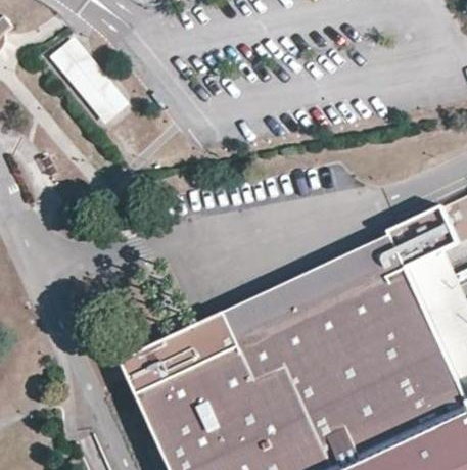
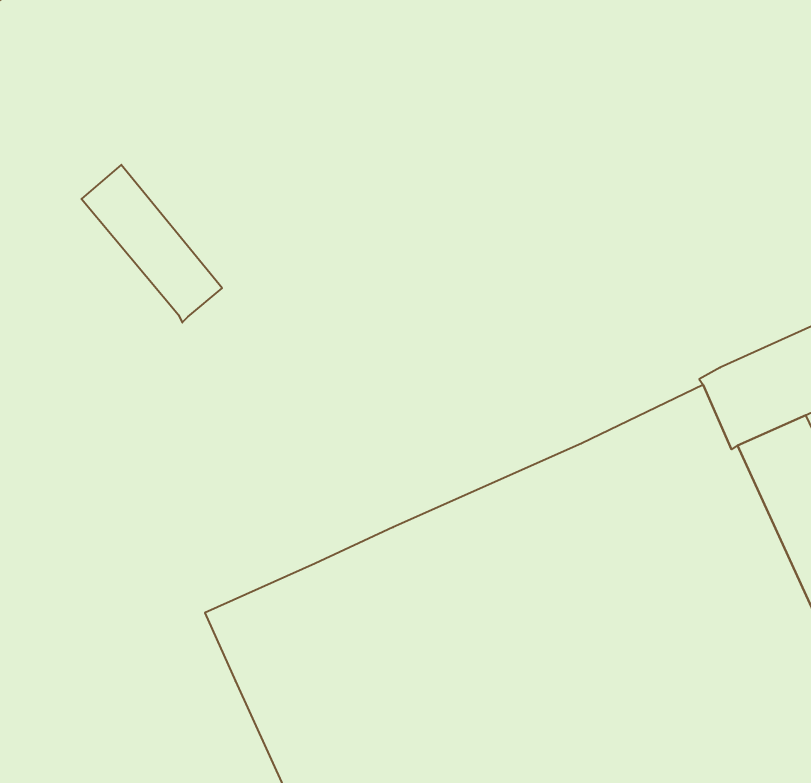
building: [51,38,127,123] -> [81,165,222,323]

